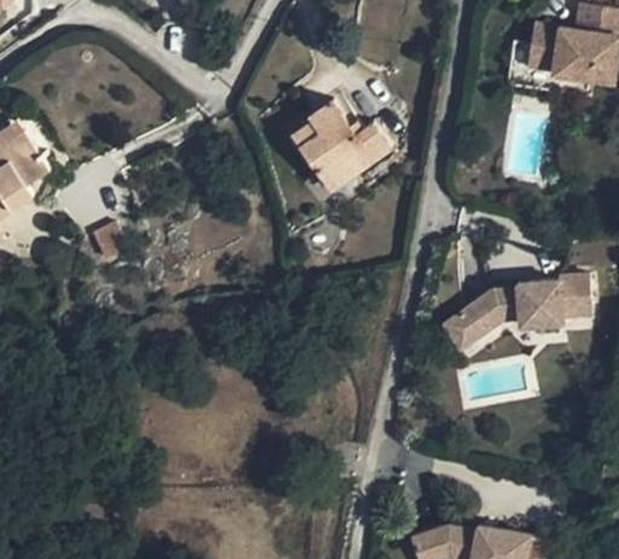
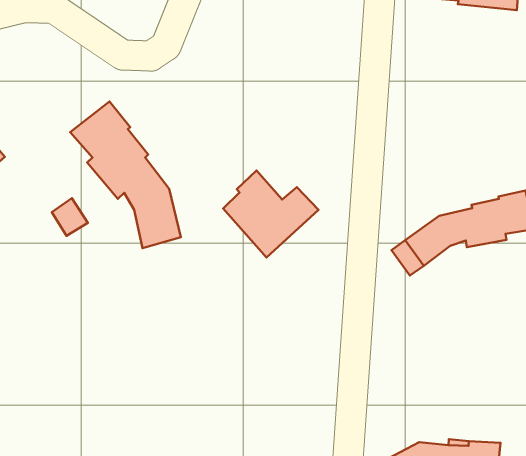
building: [293,99,392,191] -> [223,170,319,257]
building: none -> [70,102,181,248]

